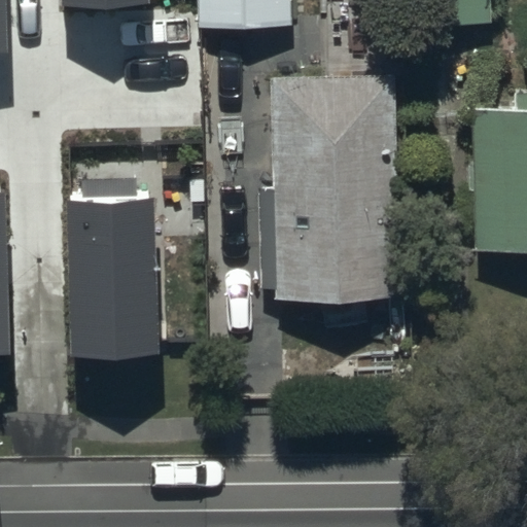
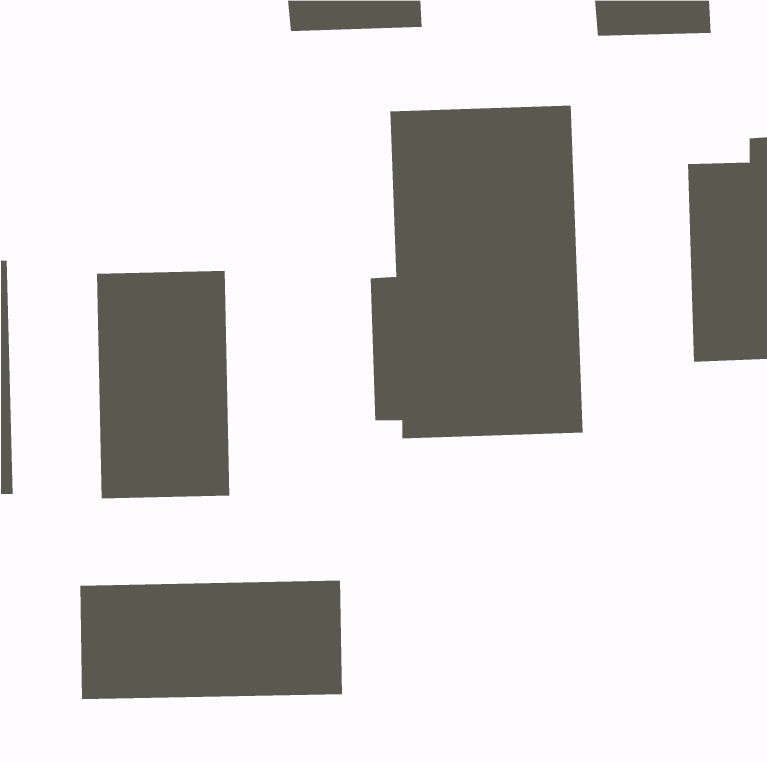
building: none -> [80,580,342,700]

